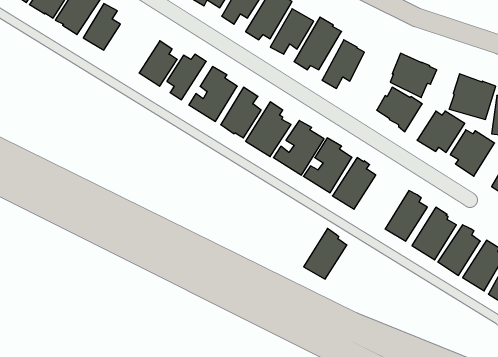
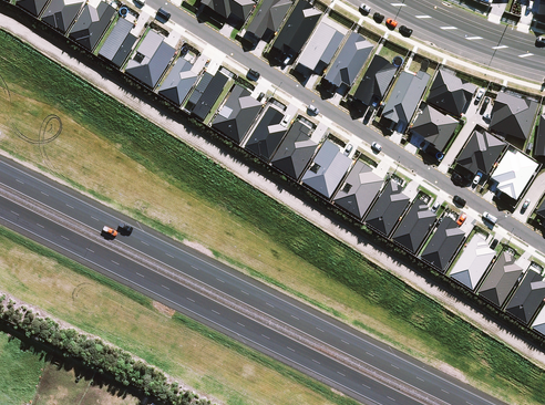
building: none -> [124,29,176,87]
building: none -> [382,71,432,124]
building: [304,228,347,279] -> [392,198,439,252]

